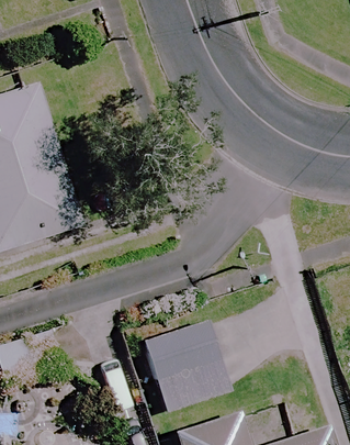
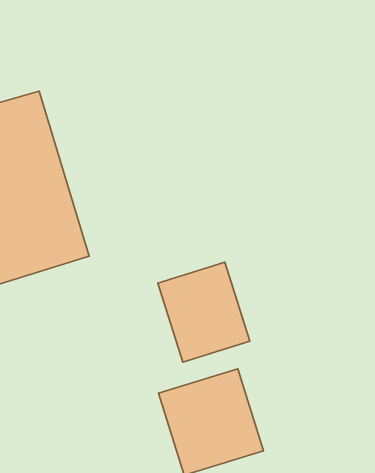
building: none -> [158,262,250,362]

